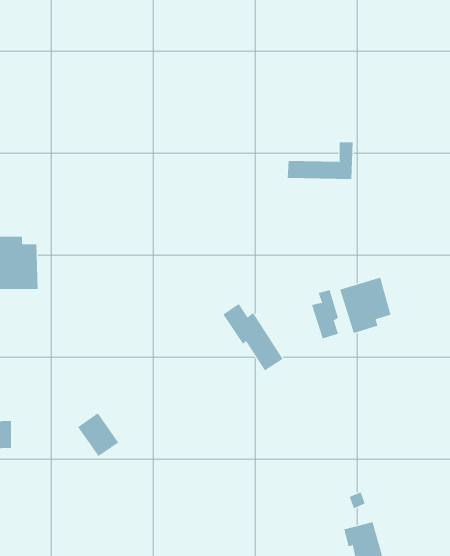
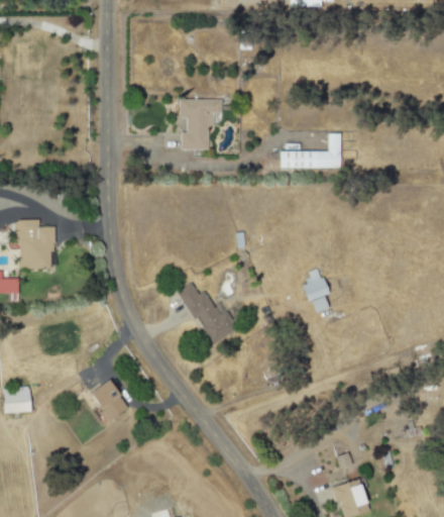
building: none -> [181,99,218,148]
building: [340,277,391,334] -> none
building: [222,303,283,371] -> [177,282,232,343]

